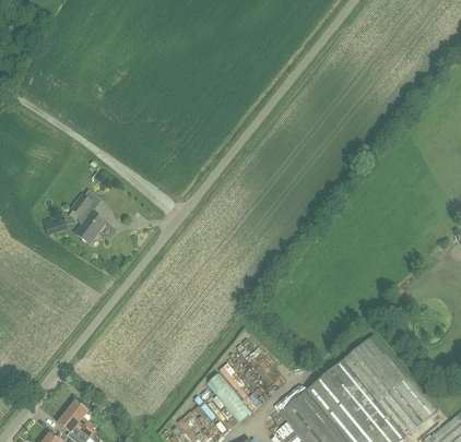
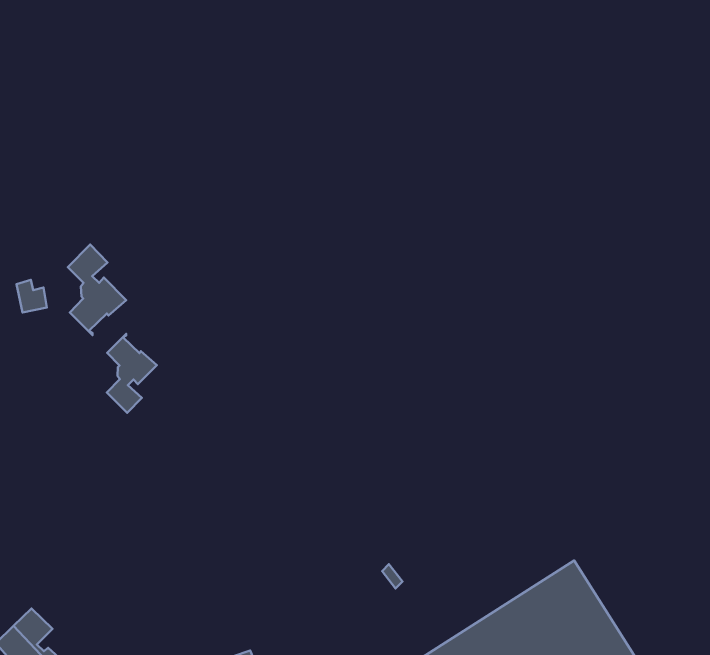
building: none -> [107,334,157,413]

